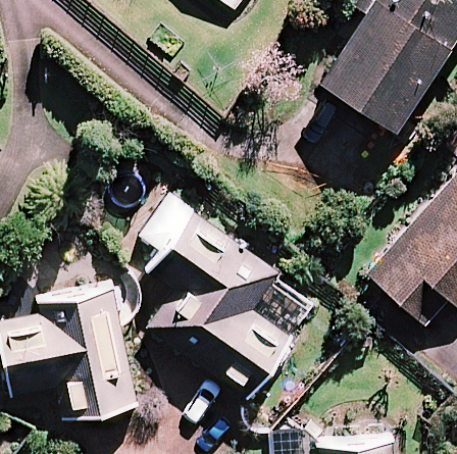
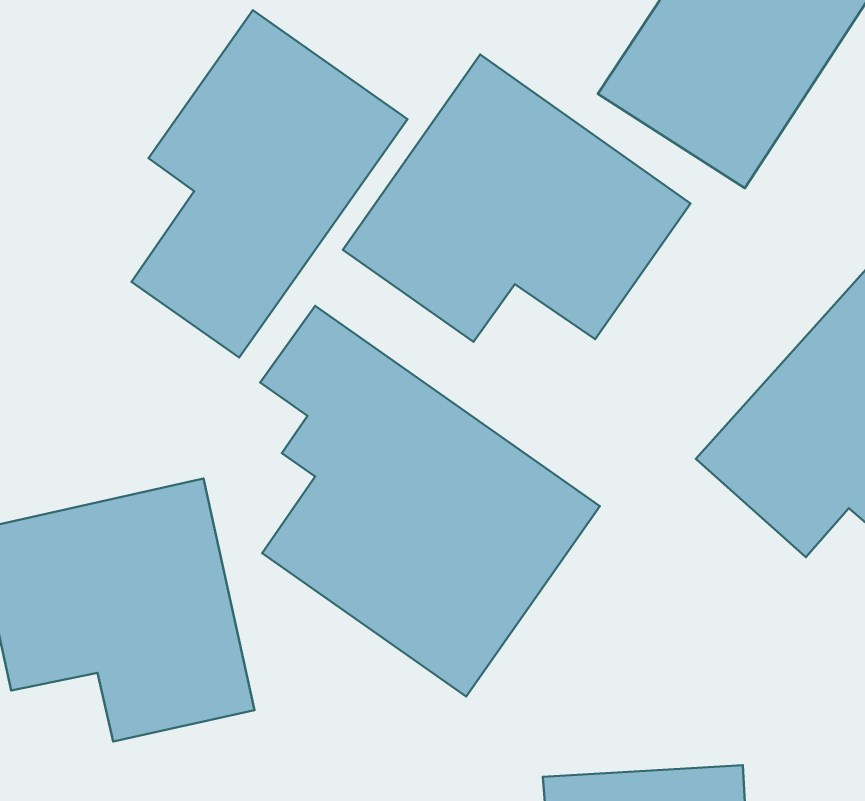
building: none -> [132,10,408,357]
building: none -> [343,54,690,342]

